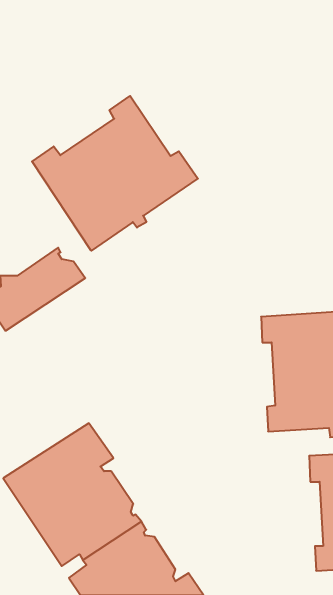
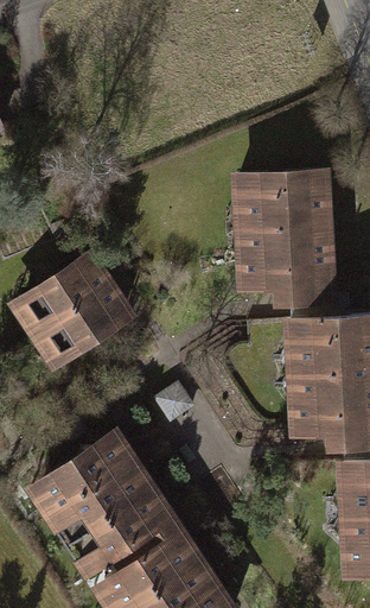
building: [32,96,198,251] -> none
building: none -> [235,170,333,298]
building: none -> [32,285,130,373]

